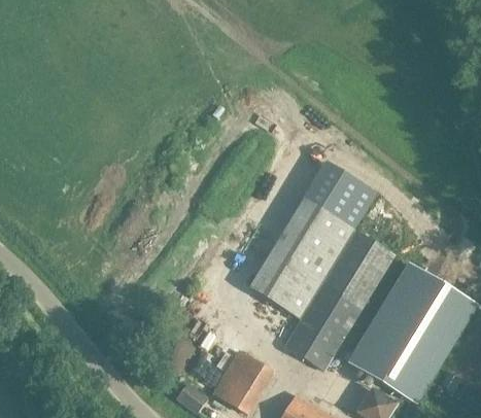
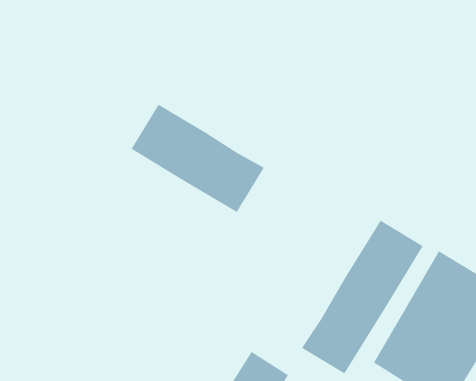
building: none -> [131,104,264,213]
building: [248,163,377,320] -> none

